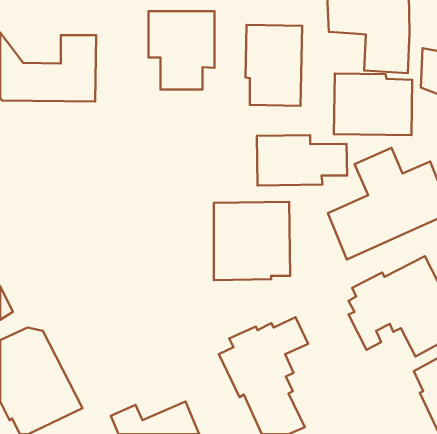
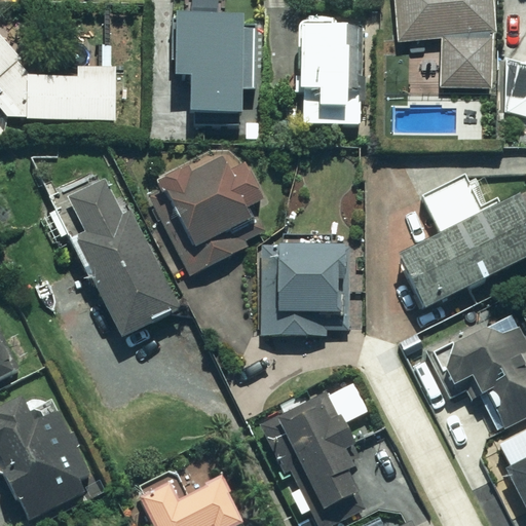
building: [334,73,412,135] -> none
building: none -> [140,135,266,276]
building: [257,135,347,185] -> none
building: none -> [63,175,181,339]

